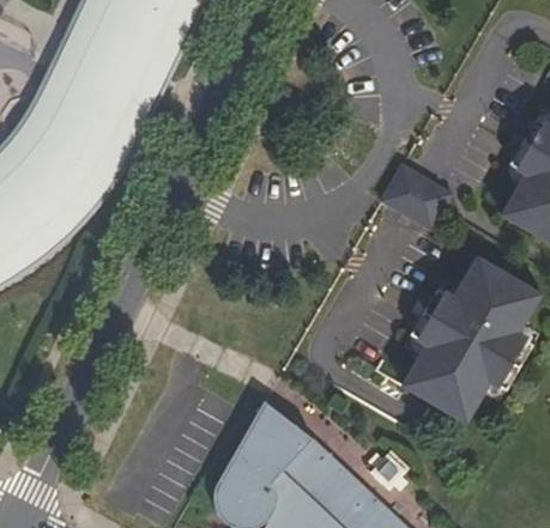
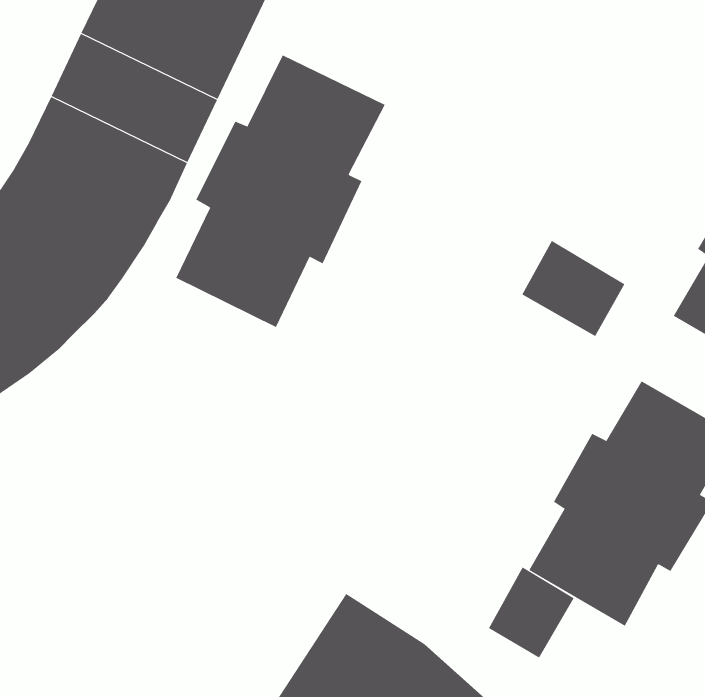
building: none -> [176,55,386,328]
building: none -> [488,566,574,658]

